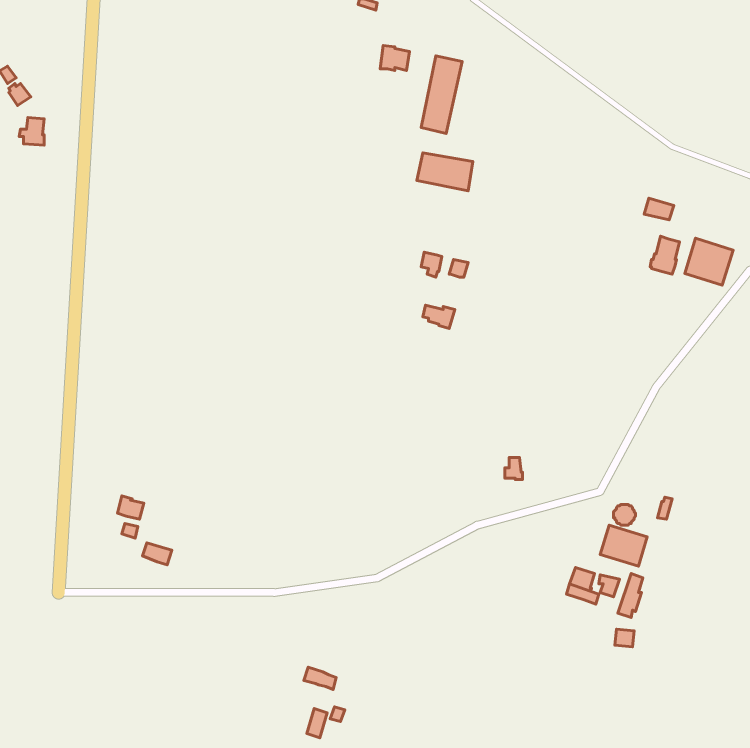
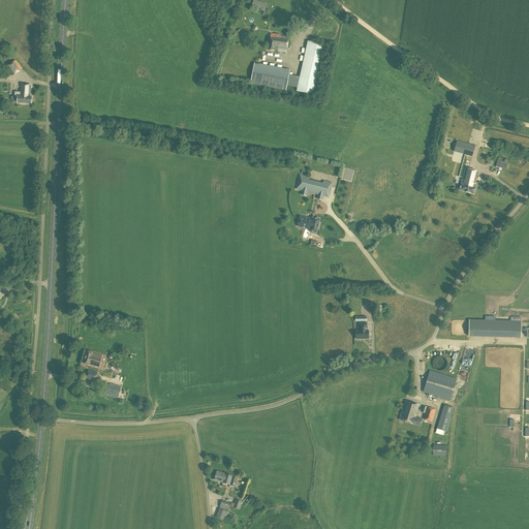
building: [417,153,473,191] -> [250,62,289,89]
building: [685,238,733,285] -> none
building: none -> [468,316,521,334]

